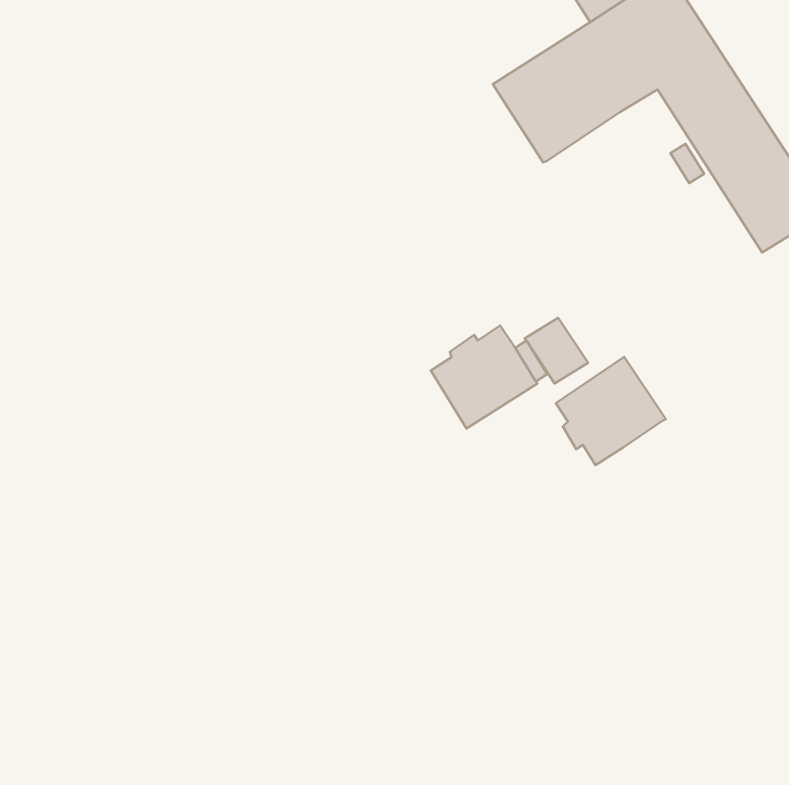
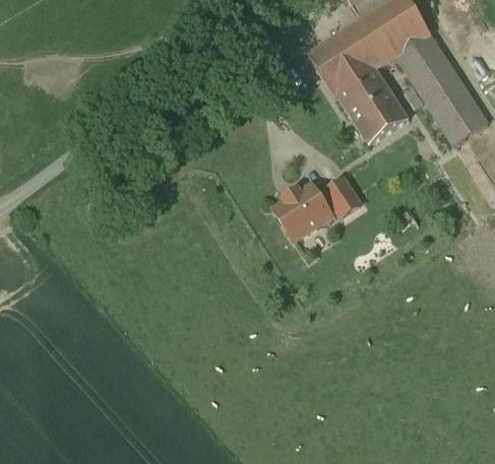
building: none -> [336,68,408,143]
building: [556,357,666,465] -> none

